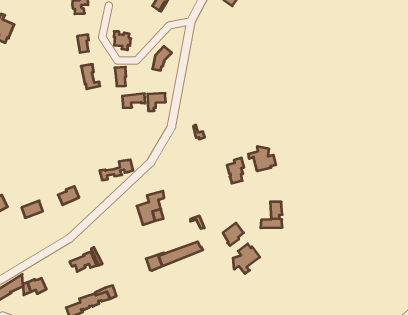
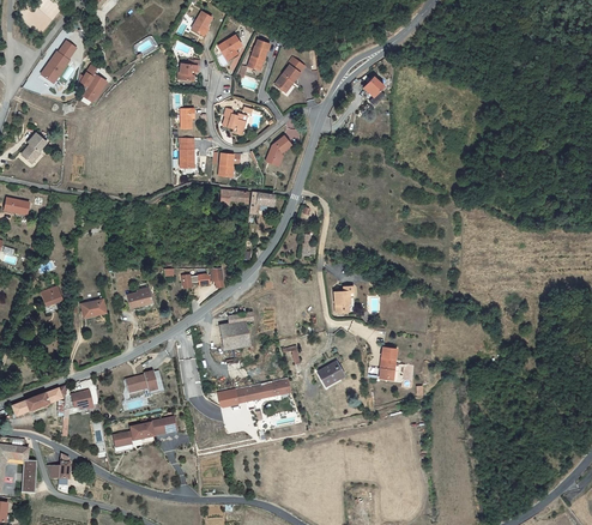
building: [248,146,276,171] -> none
building: [233,244,260,274] -> none

